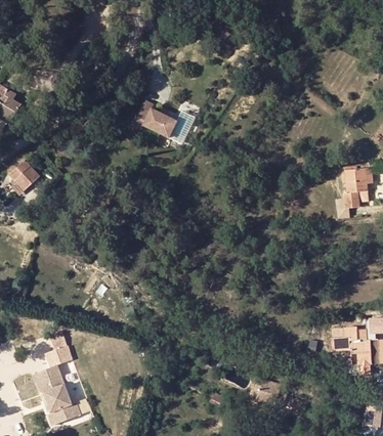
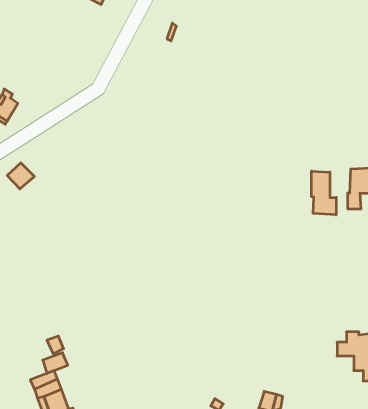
building: [138,100,178,136] -> none
building: none -> [312,171,336,215]

